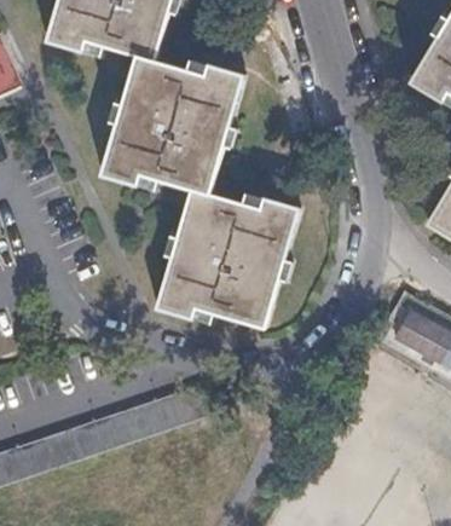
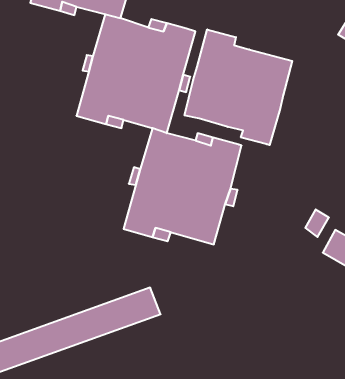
building: none -> [185,29,292,145]

